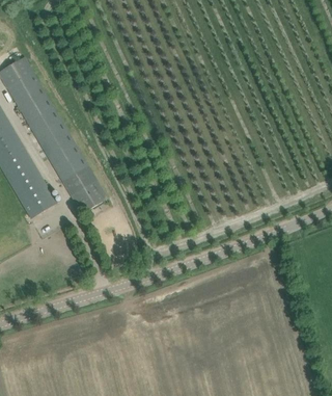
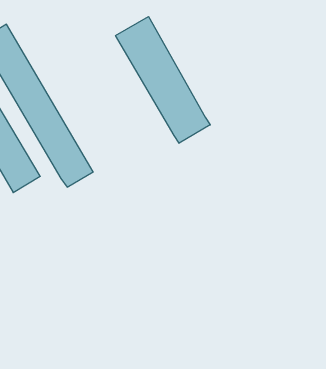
building: none -> [116,17,210,143]

